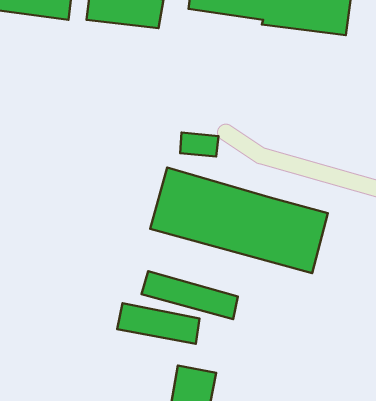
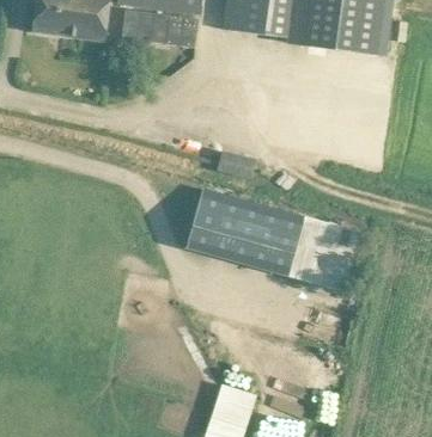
building: [141,271,238,319] -> none
building: [117,303,200,344] -> none

